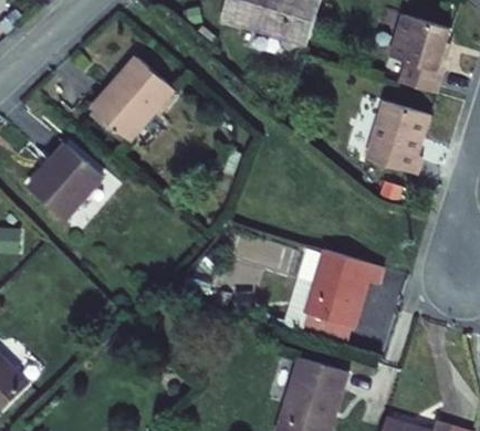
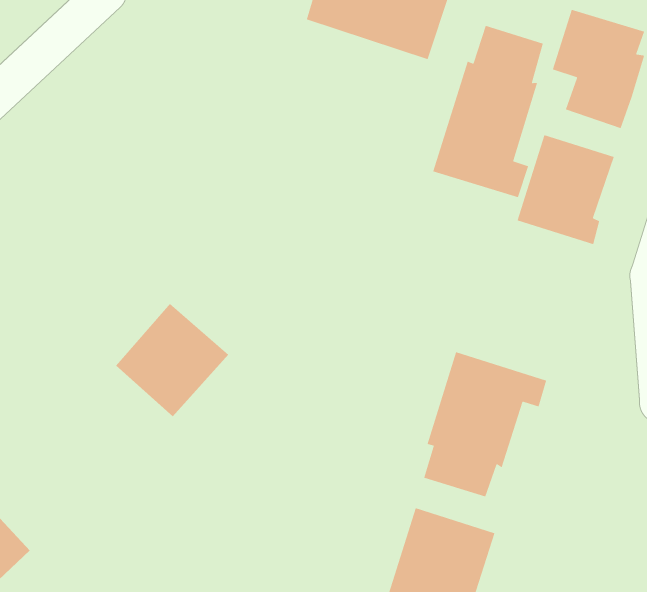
building: none -> [432,25,544,198]
building: [88,53,175,140] -> none
building: [27,143,105,221] -> [115,303,229,417]

